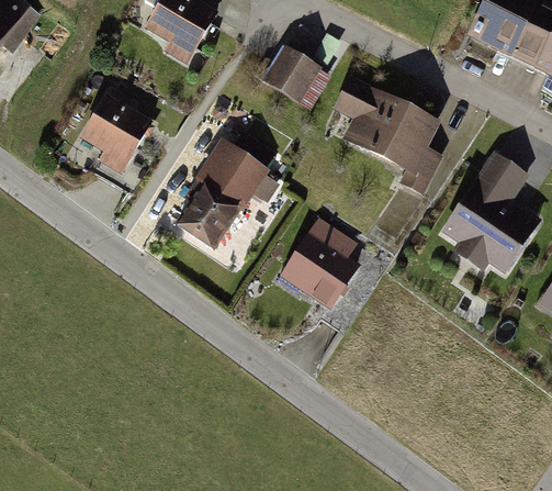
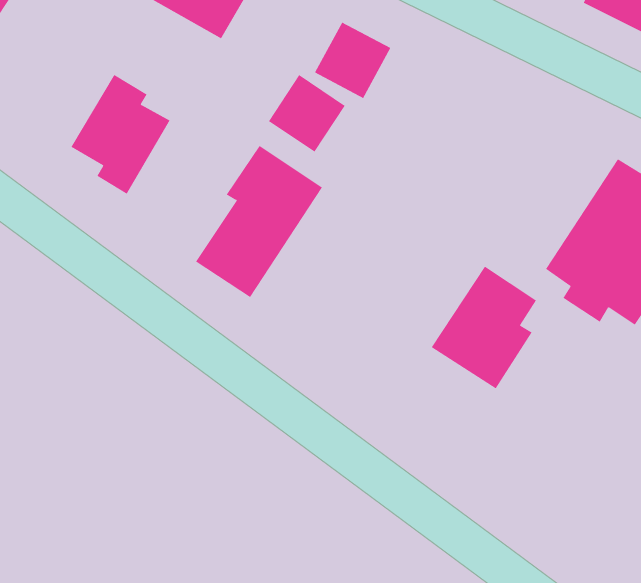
building: [333,74,444,197] -> none
building: none -> [268,74,345,153]
building: [280,212,360,305] -> [431,266,537,389]

